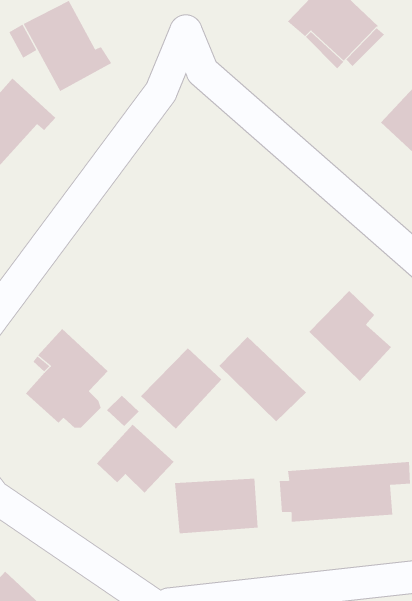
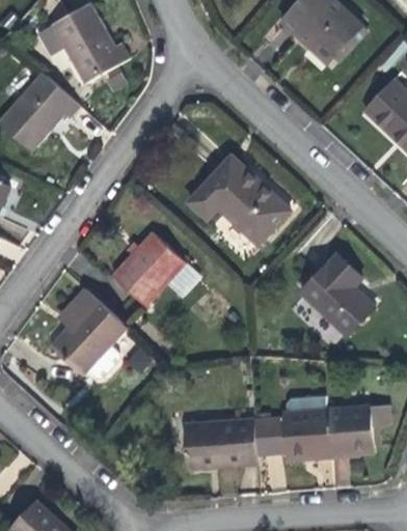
building: none -> [189,157,289,244]
building: [219,336,307,422] -> none
building: [140,347,222,429] -> [113,233,185,305]
building: [96,424,174,494] -> none

